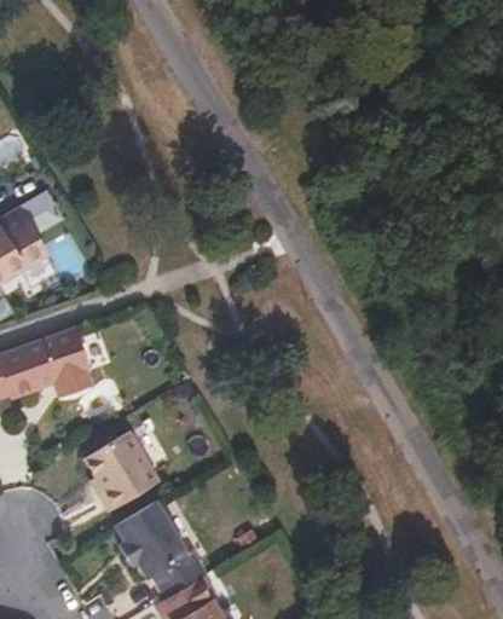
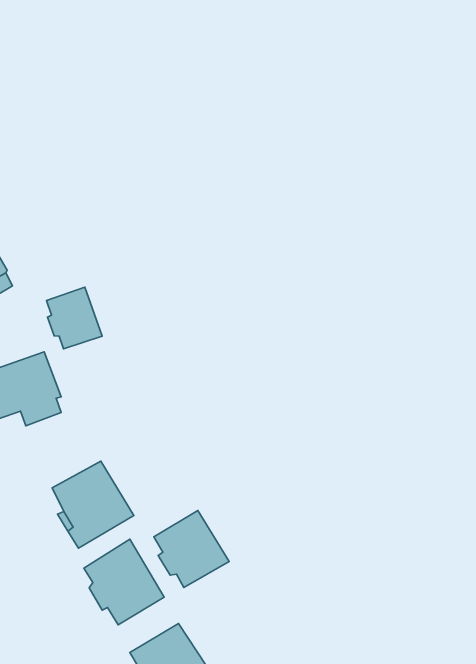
building: none -> [47,287,102,349]
building: none -> [154,510,229,587]

